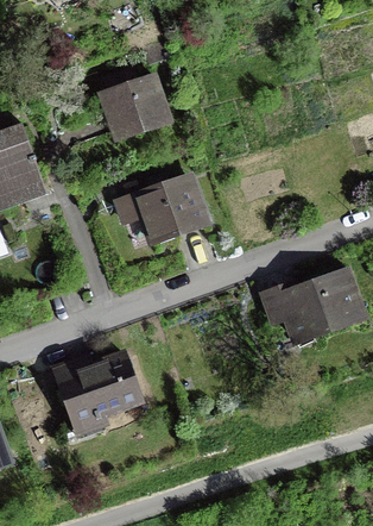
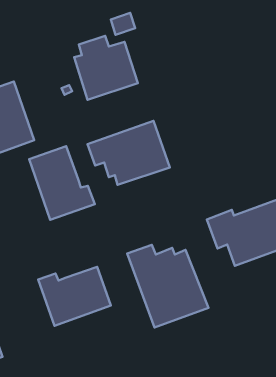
building: none -> [29,146,95,220]
building: none -> [127,245,208,328]

